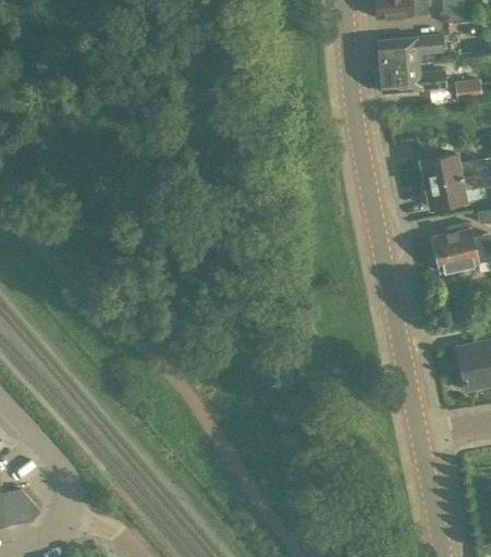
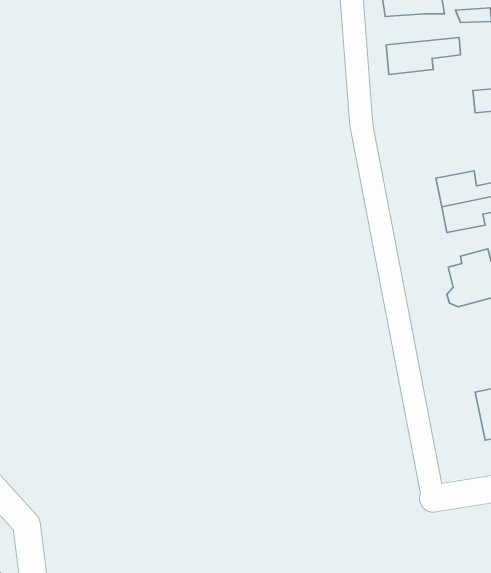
building: [379,63,445,92] -> none

